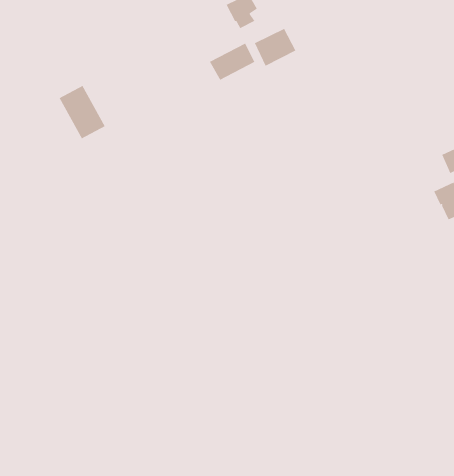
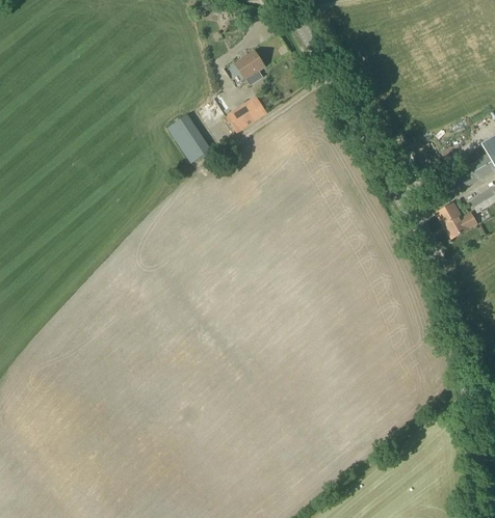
building: [254,28,296,67] -> none
building: [58,85,106,140] -> [166,114,211,163]

